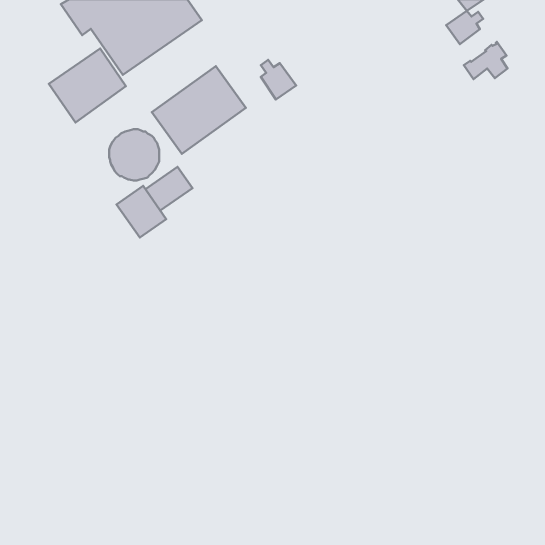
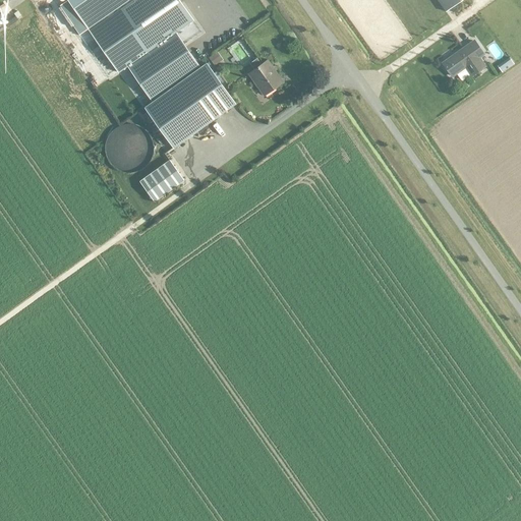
building: [446,11,483,44] -> none
building: [49,49,126,122] -> [127,31,200,101]
building: [117,186,166,238] -> none

